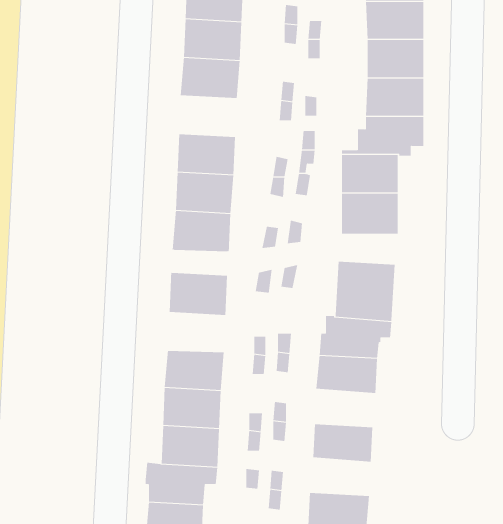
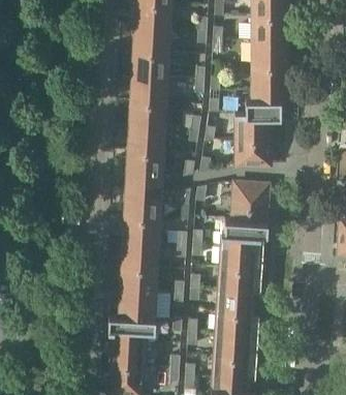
building: none -> [130,77,168,103]
building: none -> [123,217,161,243]
building: none -> [218,267,258,292]
building: none -> [215,311,255,336]

